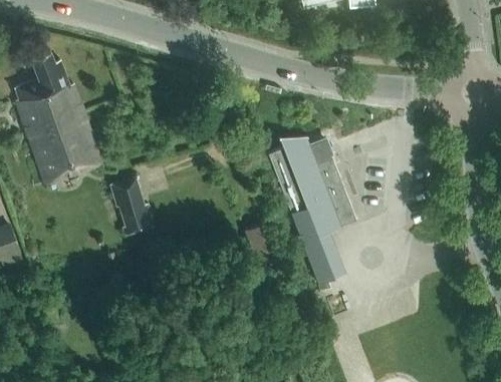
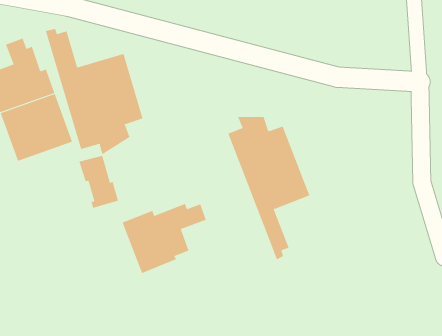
building: none -> [45,28,143,155]
building: none -> [122,203,207,274]

